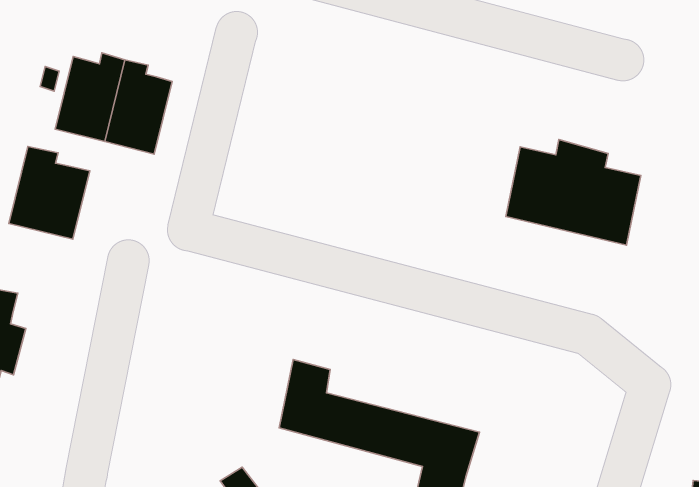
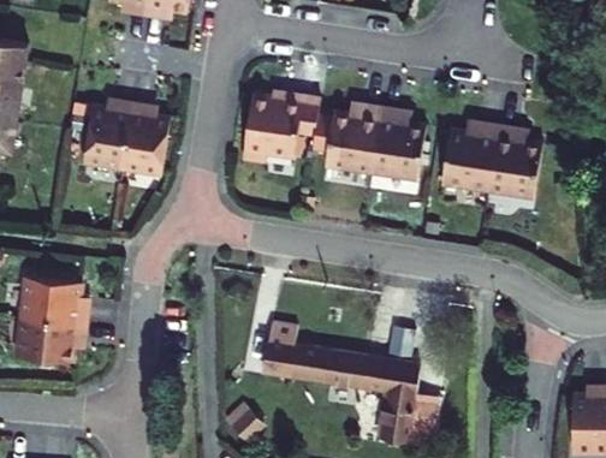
building: none -> [233,102,309,171]
building: none -> [317,115,417,189]
building: [9,147,90,239] -> none

